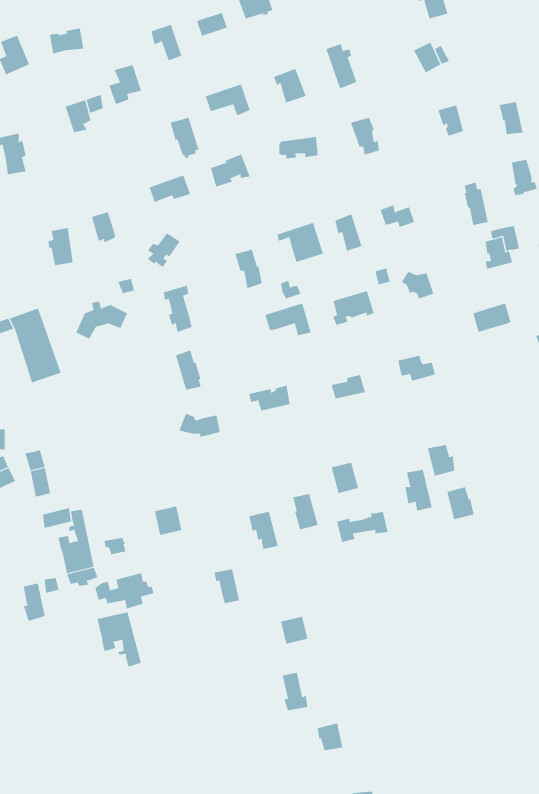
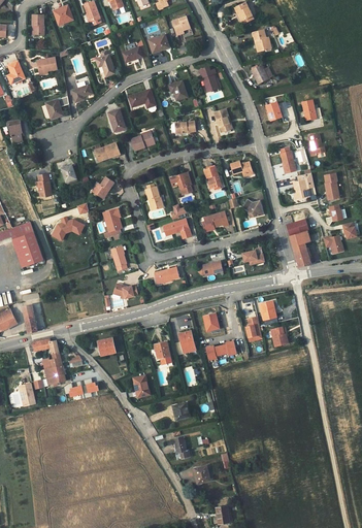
building: none -> [289,231,310,268]
building: [97,611,141,667] -> none

